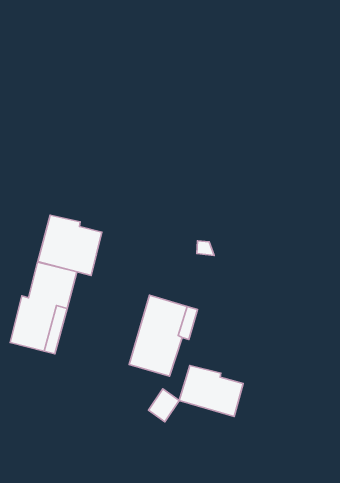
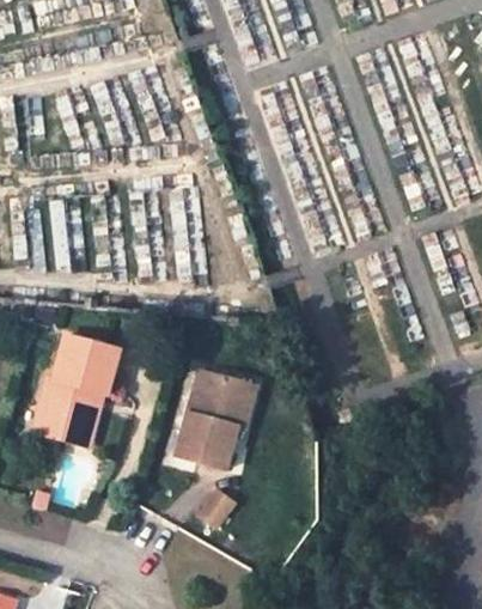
building: [38,215,102,276] -> none
building: [179,365,243,416] -> none

